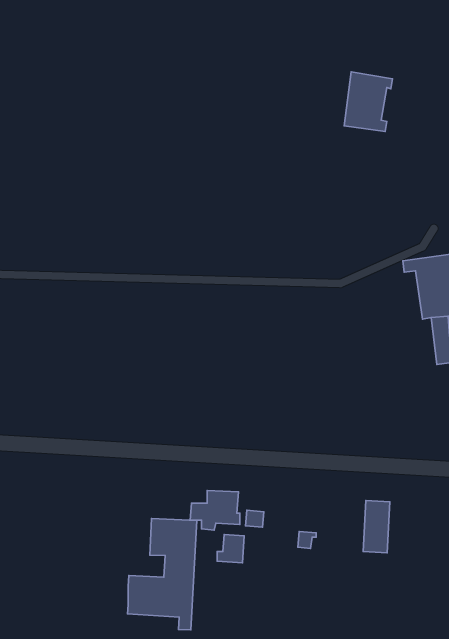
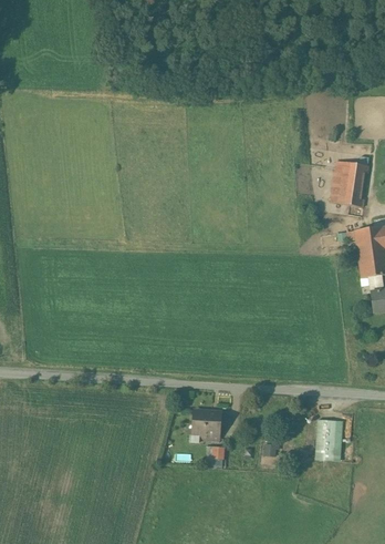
building: [344,72,392,131] -> [331,158,368,205]
building: [128,518,197,630] -> none

